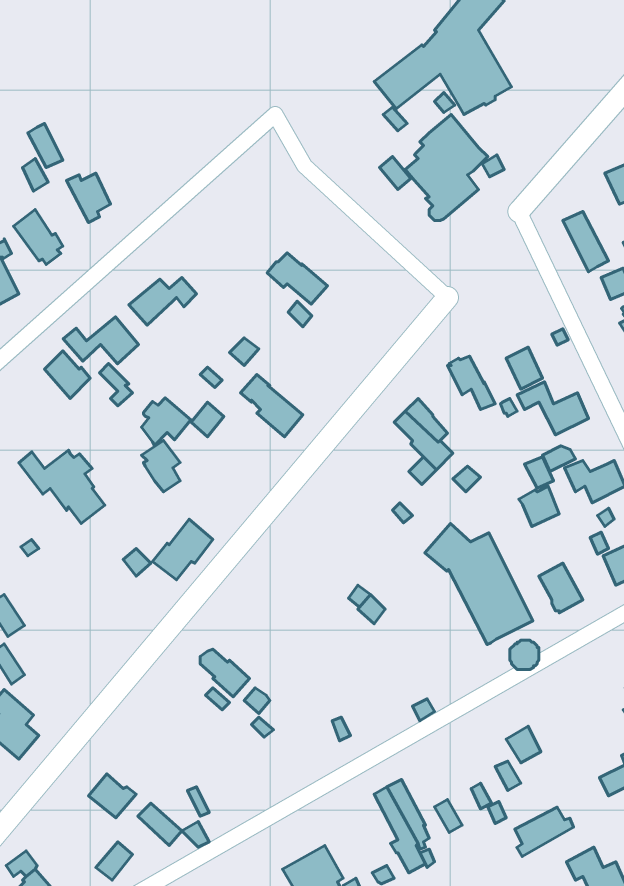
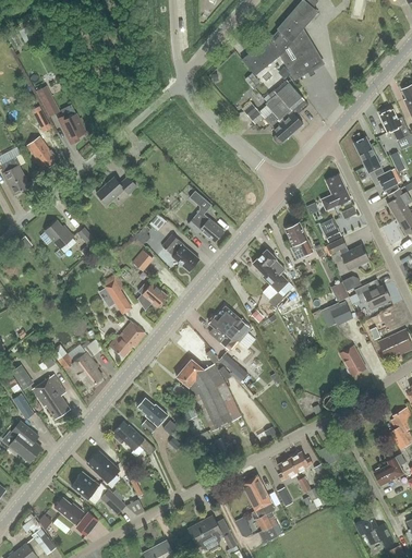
building: [267,253,328,304] -> [187,210,223,241]
building: none -> [322,173,350,209]
building: [63,317,138,364] -> none
building: [142,398,191,445] -> [137,281,167,310]
building: [19,450,105,523] -> [51,343,102,387]
building: none -> [208,305,250,348]
building: [425,524,533,645] -> [175,357,240,429]
building: none -> [33,374,69,416]
building: none -> [112,420,155,456]
building: none -> [86,450,119,482]
building: [515,807,574,857] -> [277,450,312,480]
building: none -> [54,496,83,526]

